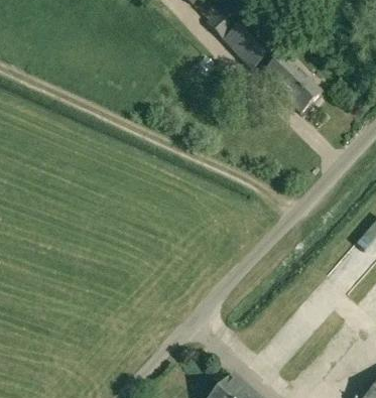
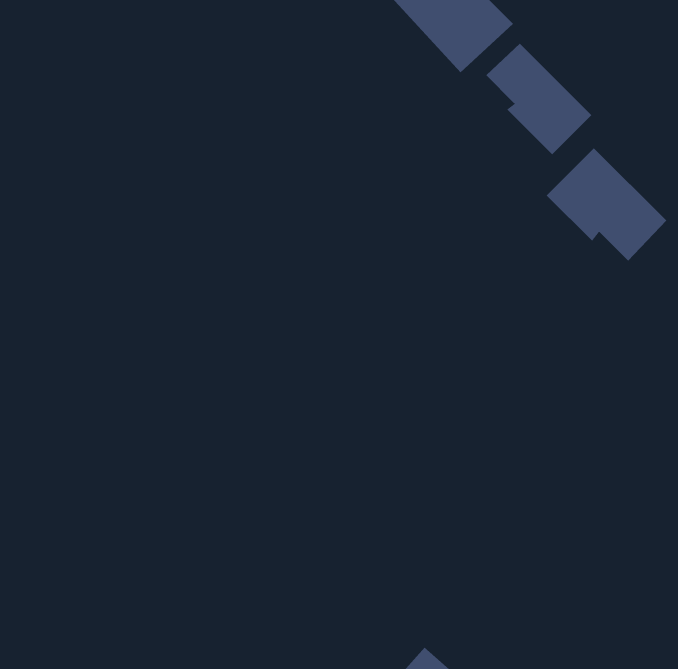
building: none -> [546,147,667,262]

